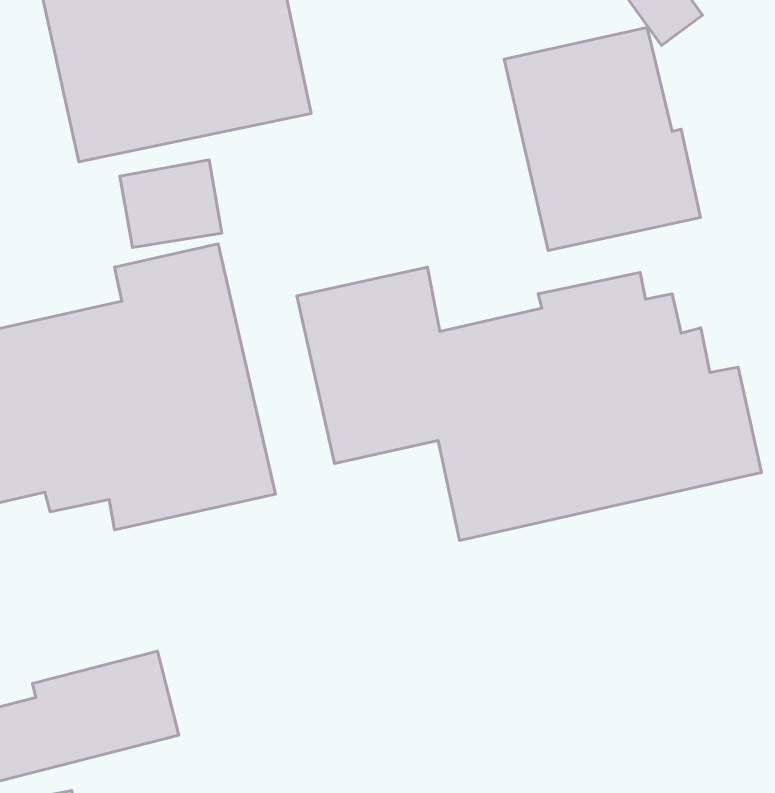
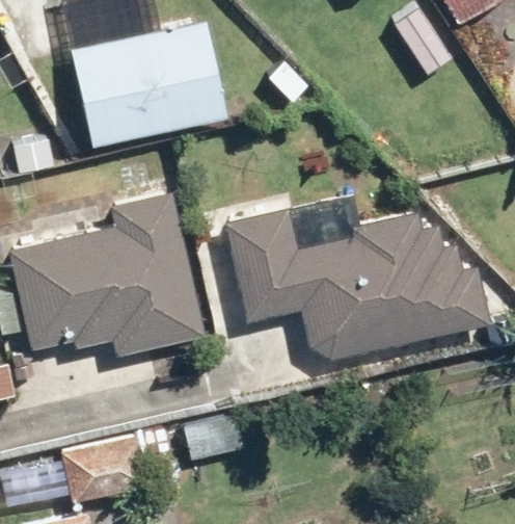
building: [504,27,700,251] -> none

